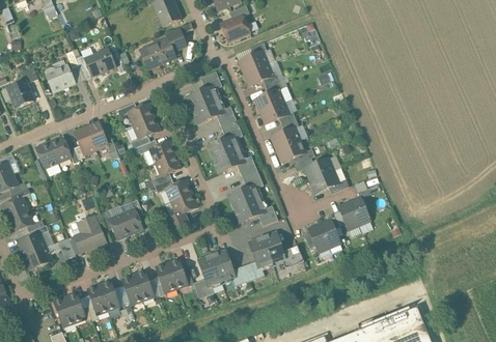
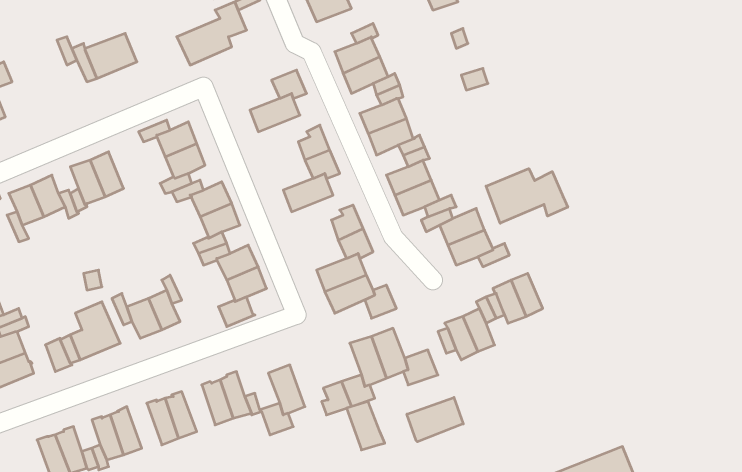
building: [45,65,75,92] -> none
building: [191,99,223,123] -> none
building: none -> [486,169,568,223]
building: [212,149,244,173] -> none
building: [211,251,235,281] -> [346,402,385,450]
building: none -> [407,397,463,442]

